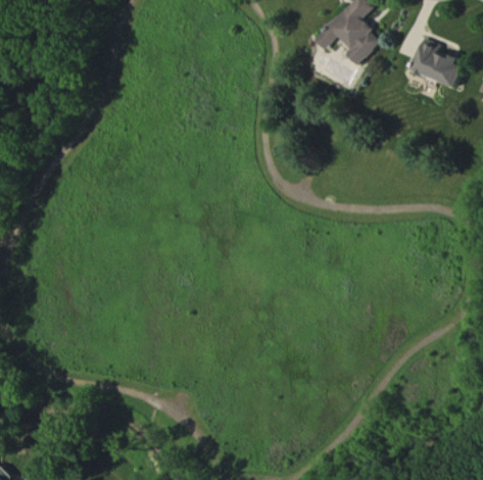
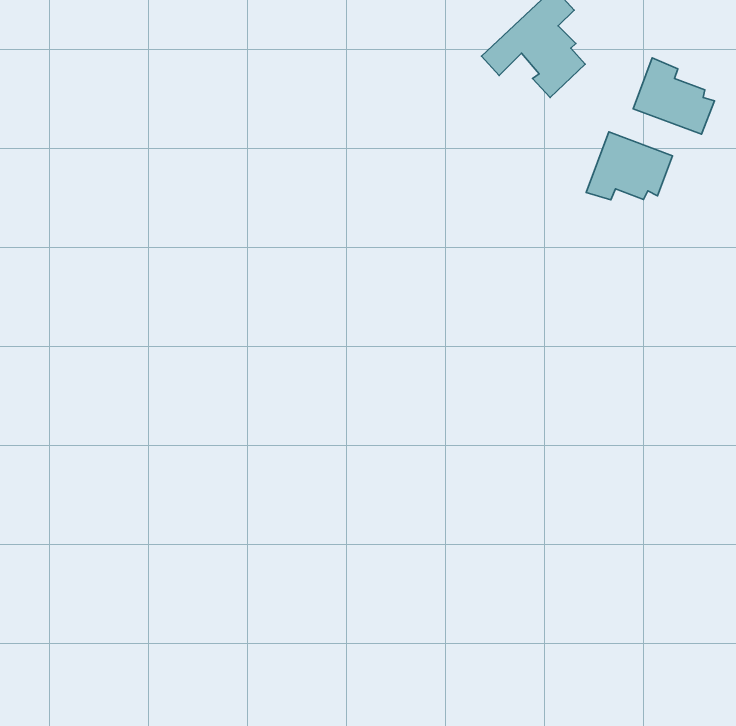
building: none -> [586,132,672,200]

